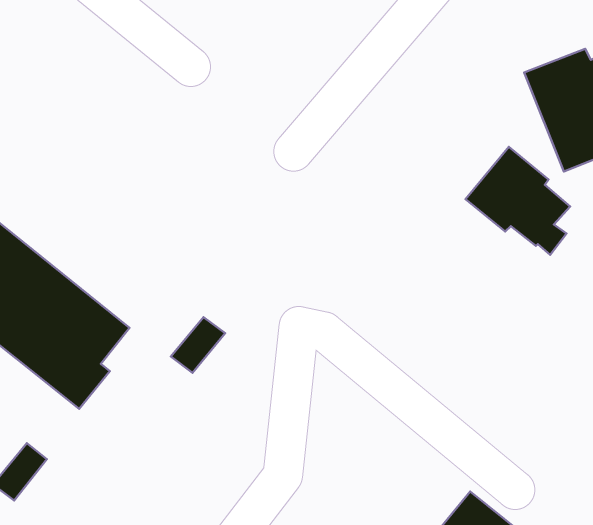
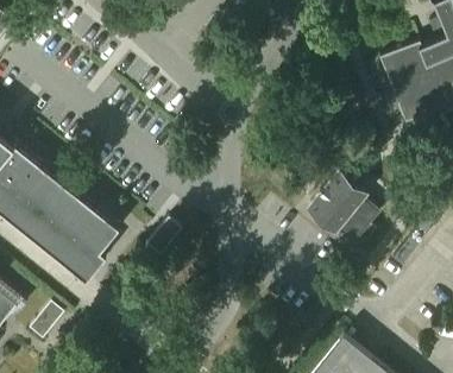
building: [466,147,570,255] -> [309,173,378,245]

